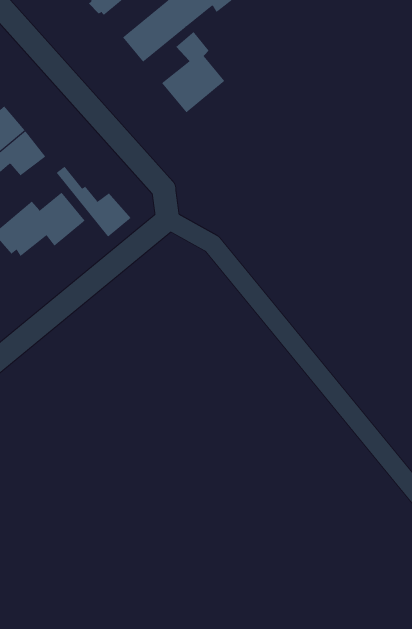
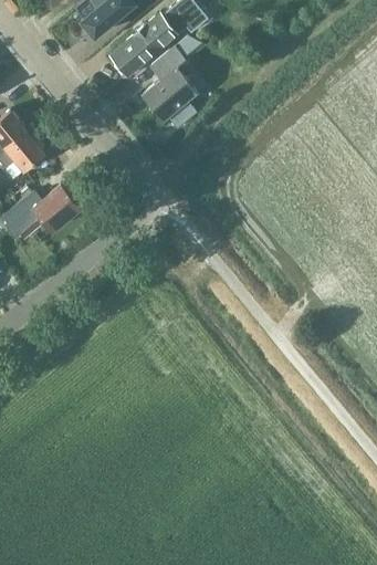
building: [56,166,131,237] -> none

